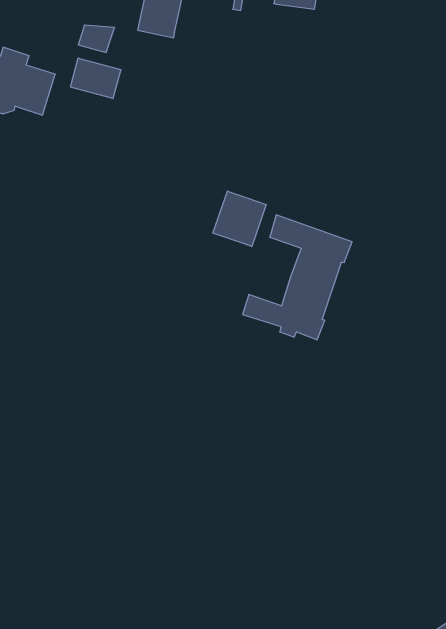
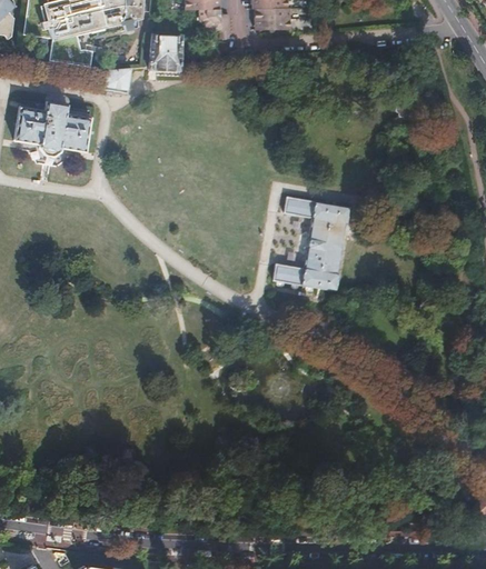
building: [70,58,121,99] -> none
building: [213,191,266,247] -> none

